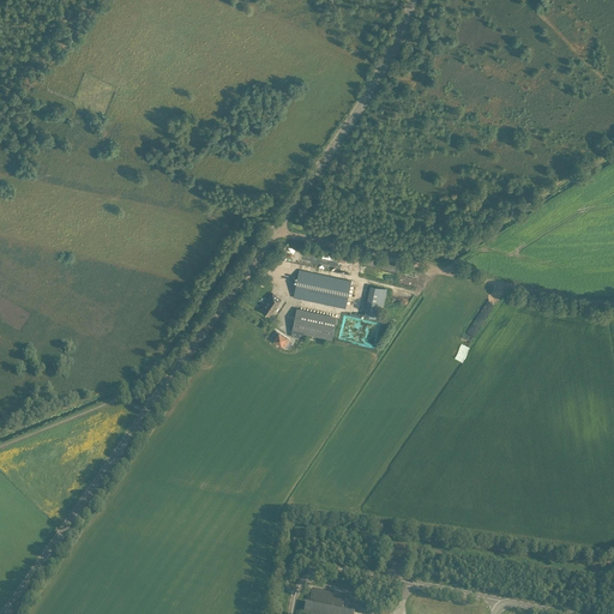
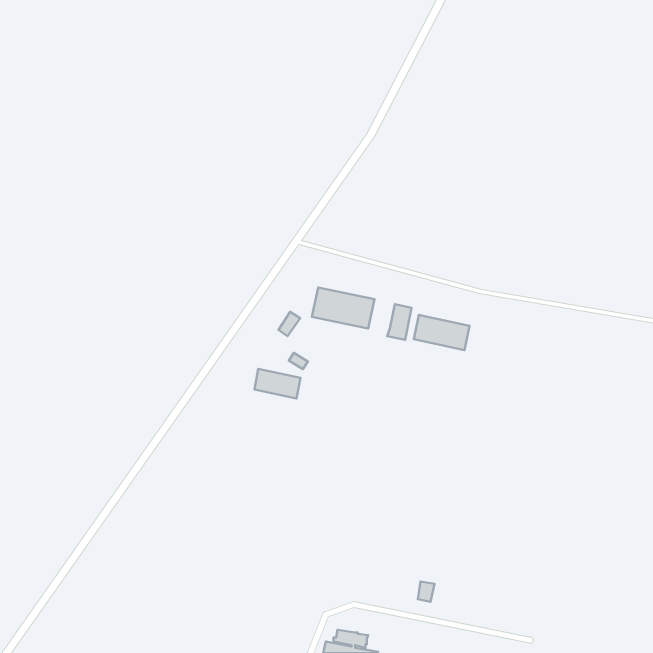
building: none -> [414,315,469,350]
building: [293,309,336,337] -> [254,369,300,398]

